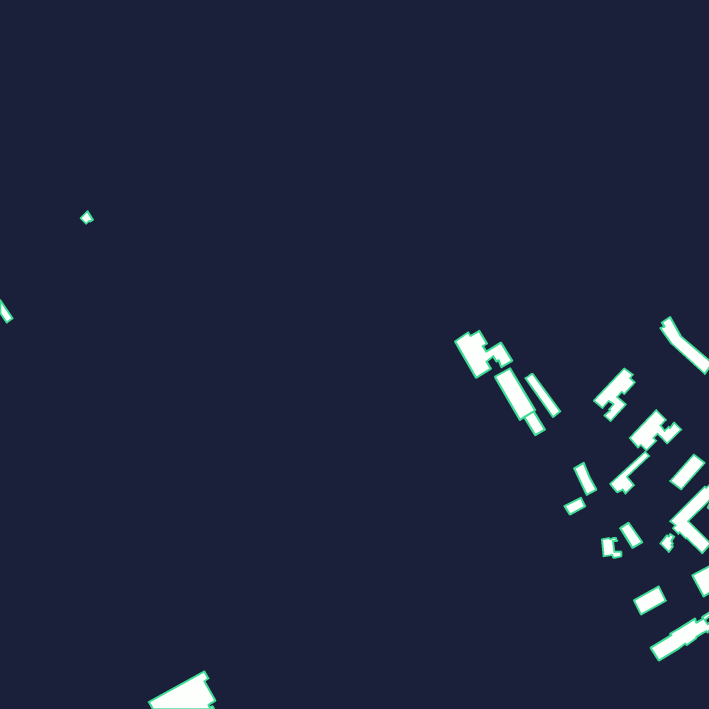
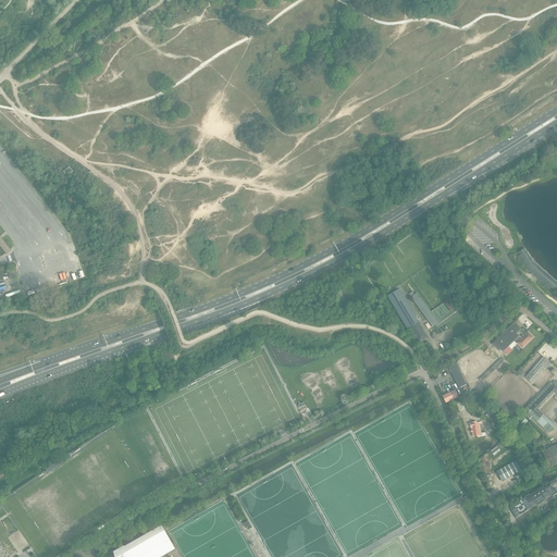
building: [455,331,512,378] -> none
building: [594,369,635,421] -> none

